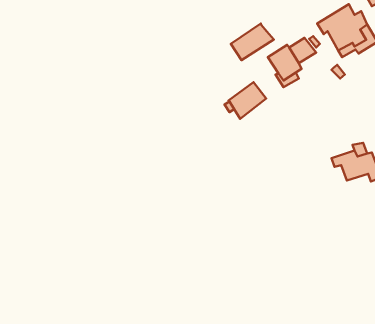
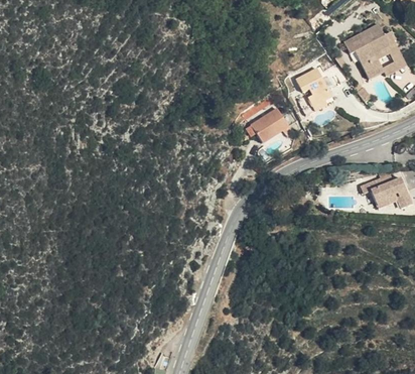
building: [231,24,274,60] -> none

